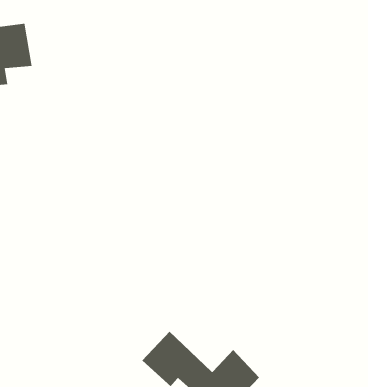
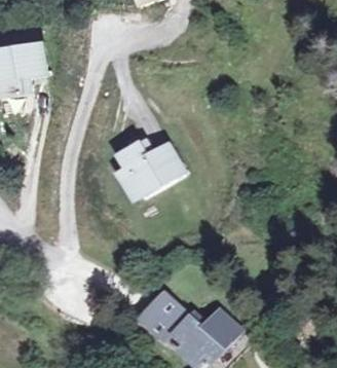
building: none -> [113,143,181,197]

